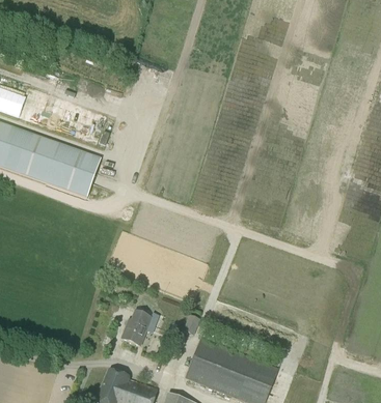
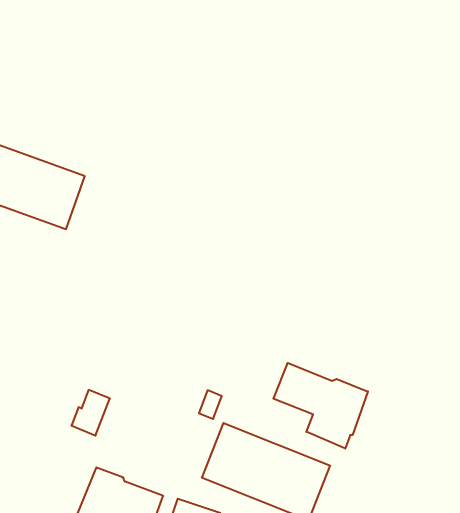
building: none -> [273,363,368,449]
building: [121,311,149,344] -> [71,390,110,436]

